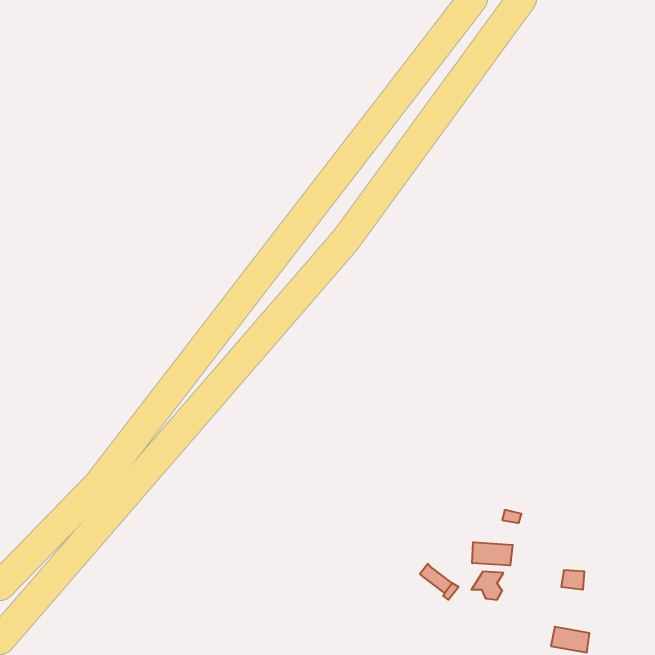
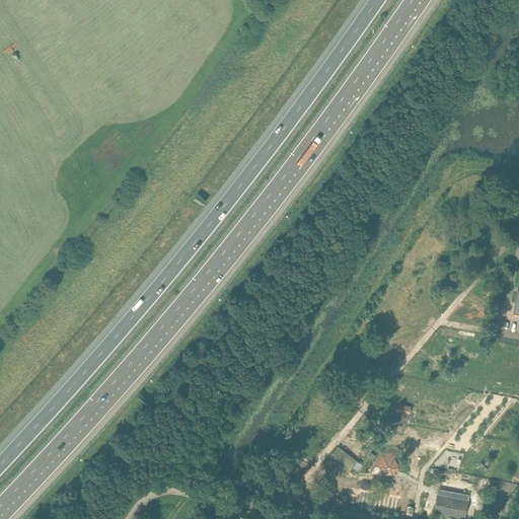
building: [472,542,513,566] -> none

